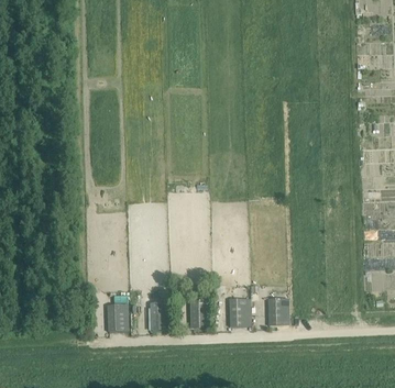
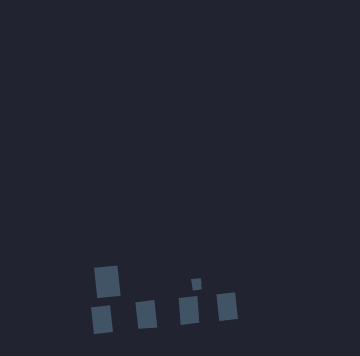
building: none -> [93,265,121,299]
building: [266,298,287,325] -> none

